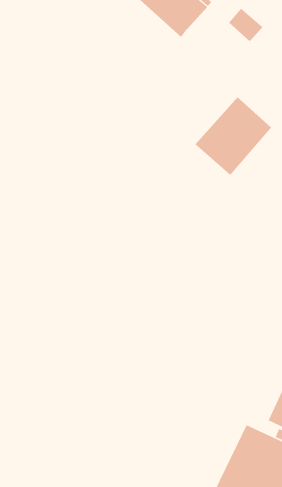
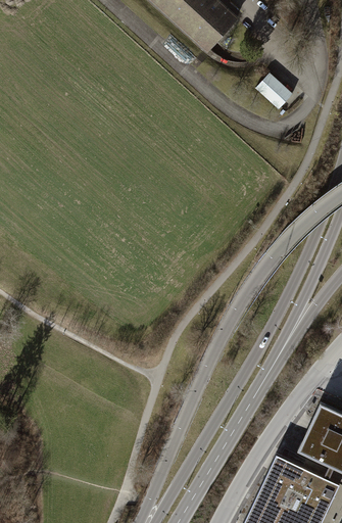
building: [228,8,263,42] -> [256,75,293,110]
building: [195,97,272,176] -> none

